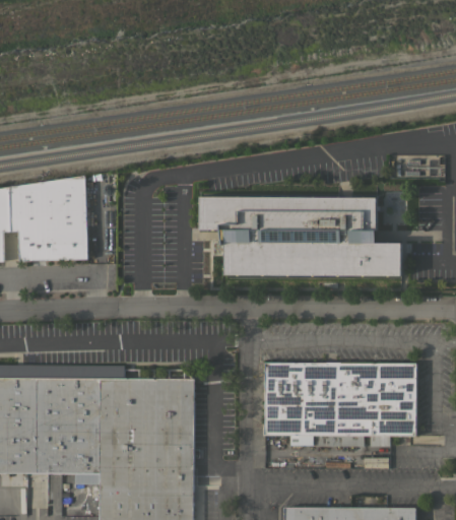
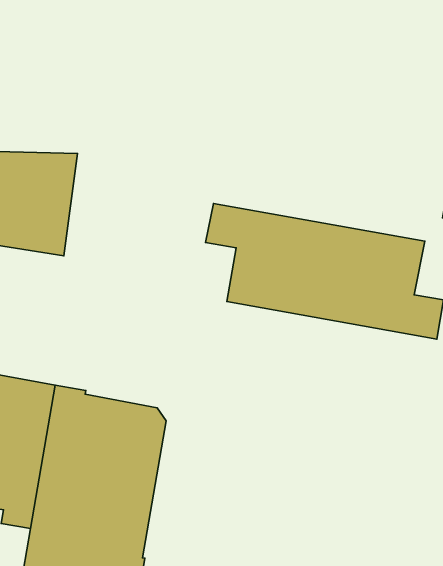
building: [264,363,415,447] -> none

